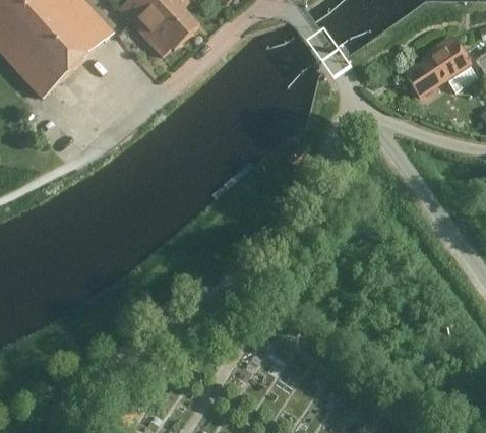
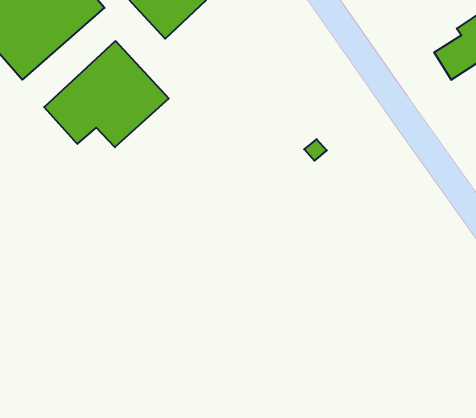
building: none -> [44,41,169,147]

